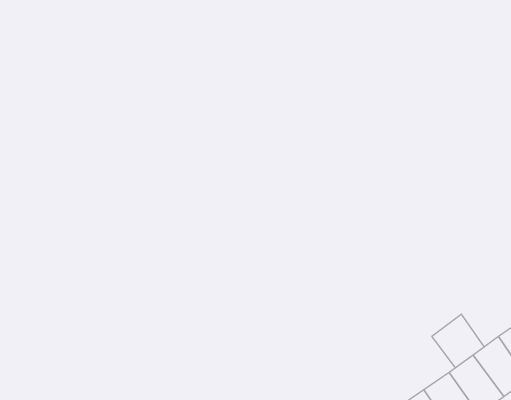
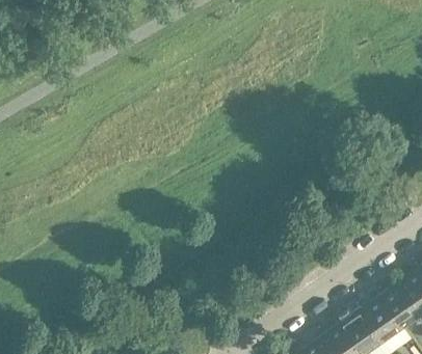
building: [432,314,484,368] -> none

